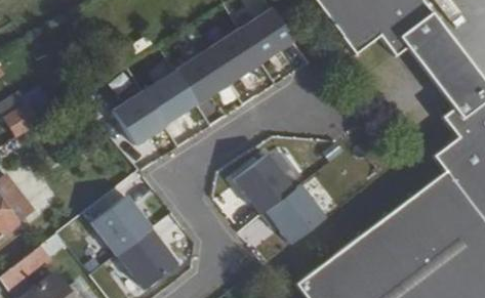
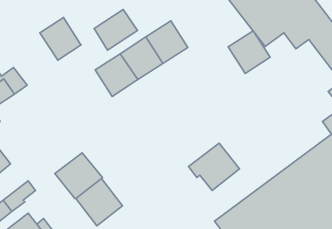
building: [240,7,293,61] -> [228,31,270,73]
building: none -> [94,9,138,50]
building: [114,90,166,144] -> [40,17,81,60]
building: [235,154,294,213] -> none

